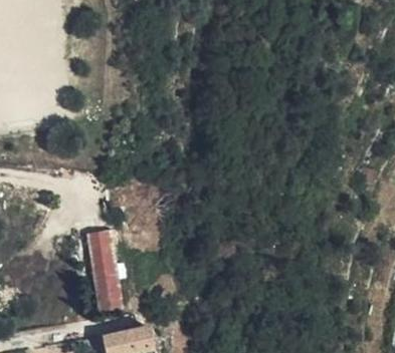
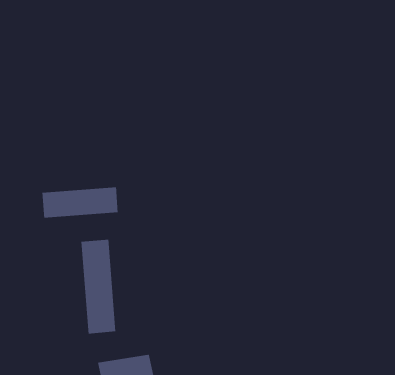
building: none -> [42,187,118,218]

